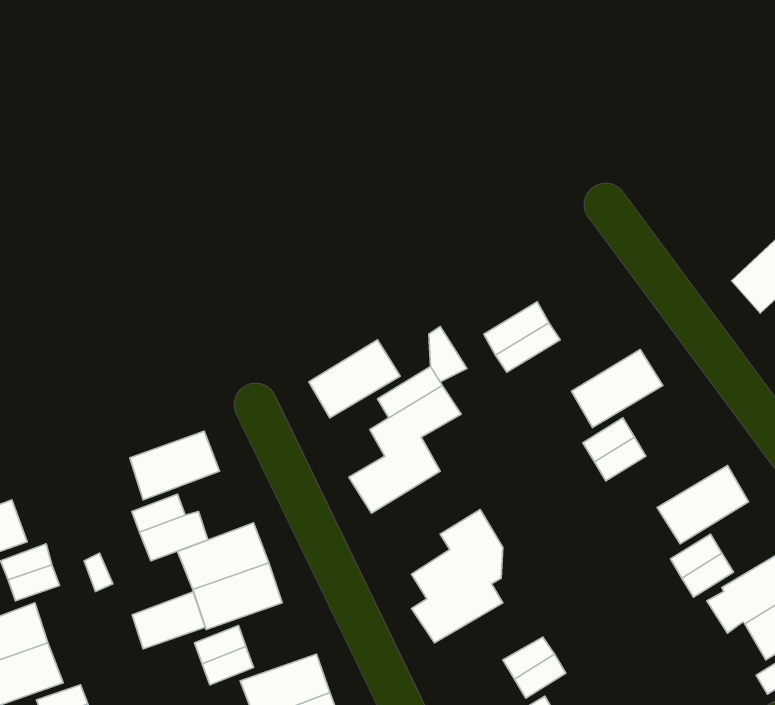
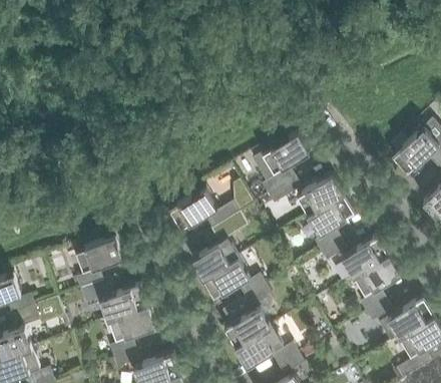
building: none -> [262,133,310,174]
building: none -> [296,175,344,217]
building: none -> [342,237,390,278]
building: none -> [202,259,251,300]
building: [132,592,205,649] -> none
building: none -> [236,328,283,368]

